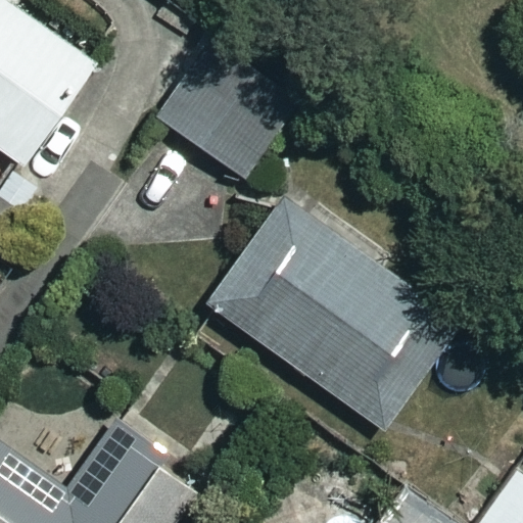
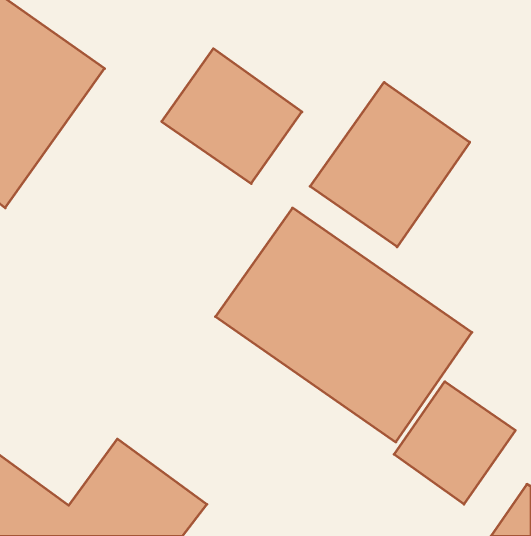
building: none -> [310,82,470,247]
building: none -> [394,382,515,504]

